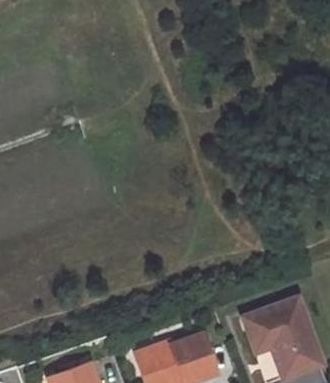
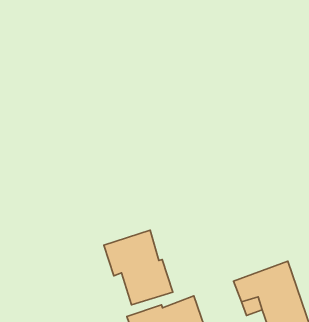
building: none -> [104,230,173,305]

